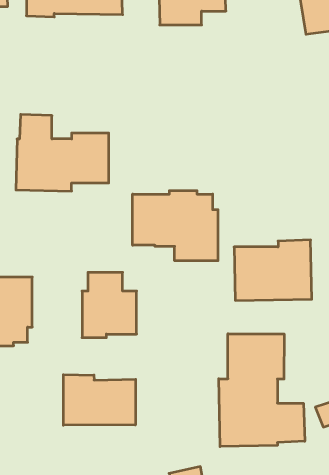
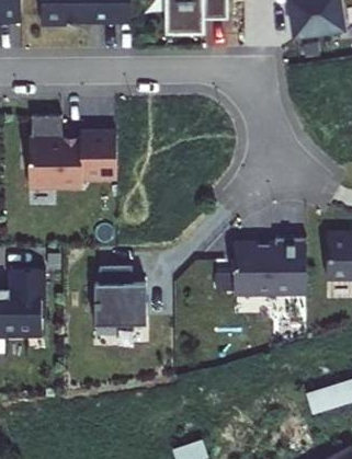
building: [133,191,218,261] -> none
building: [219,334,305,447] -> none
building: [63,375,136,425] -> none

